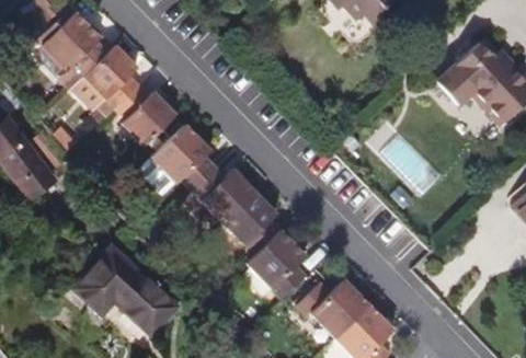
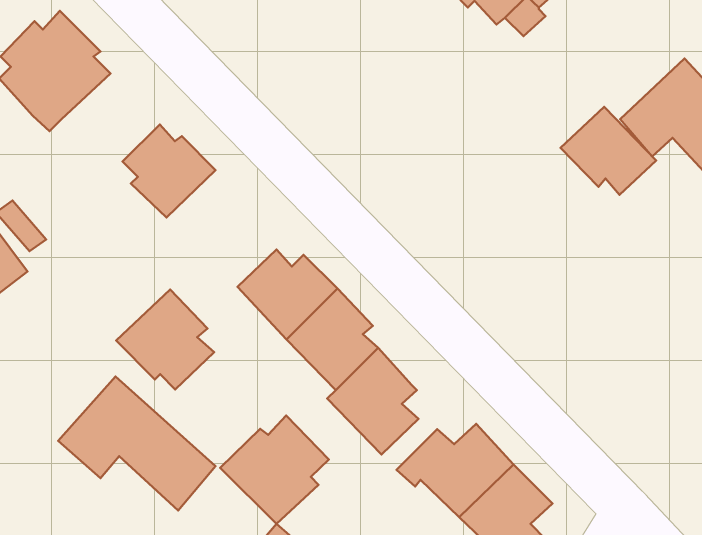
building: [77,45,140,116] -> none
building: none -> [561,107,656,195]
building: [152,126,216,190] -> [116,290,214,390]
building: none -> [220,415,329,524]

